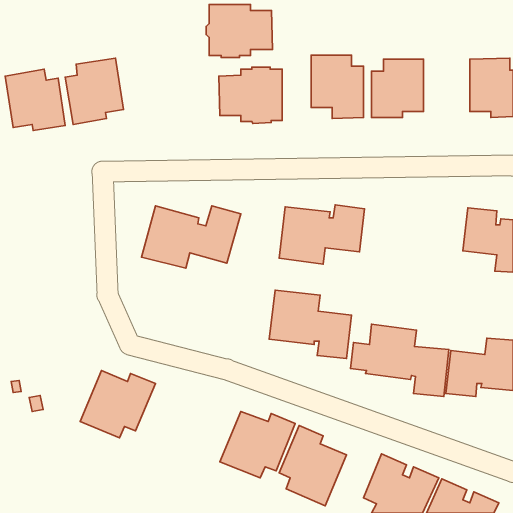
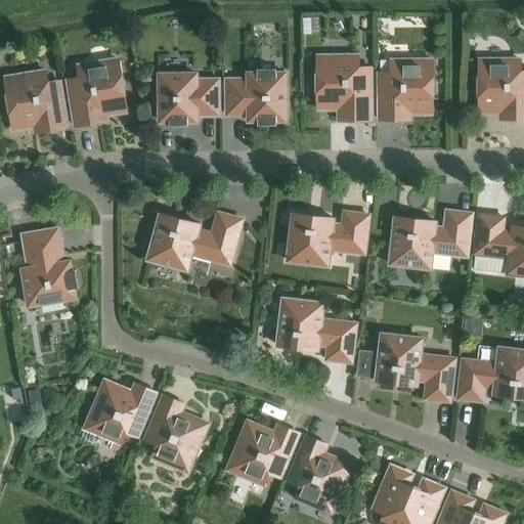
building: [206,4,272,58] -> [154,72,221,126]
building: none -> [387,208,474,272]
building: none -> [18,226,79,309]
building: none -> [143,393,211,475]

